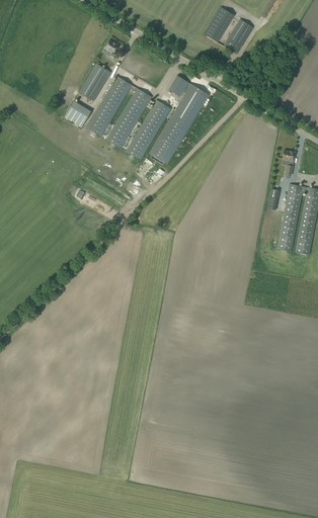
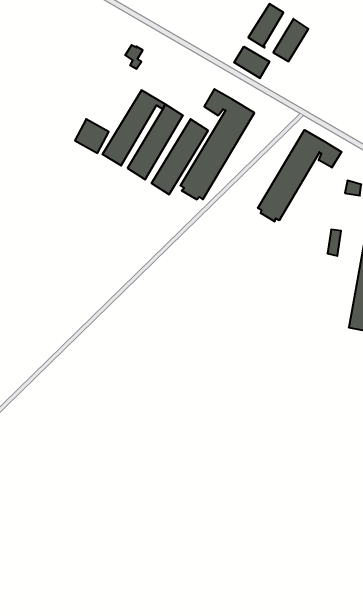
building: none -> [234,47,269,78]
building: [77,63,109,101] -> none
building: none -> [258,130,342,222]

